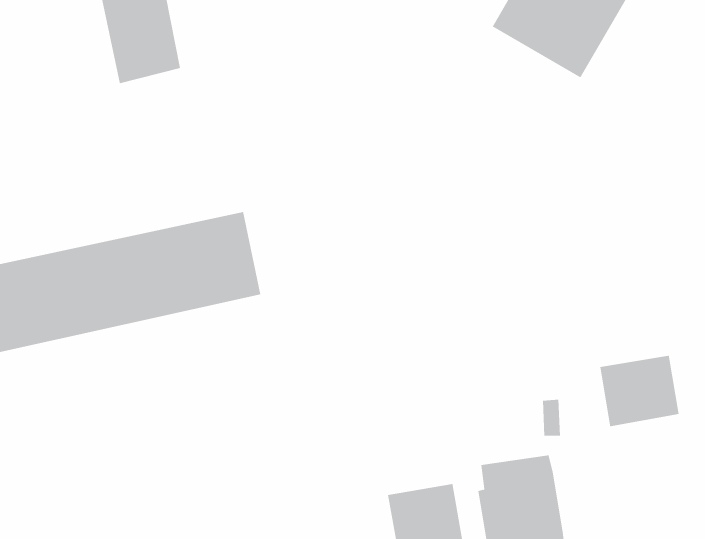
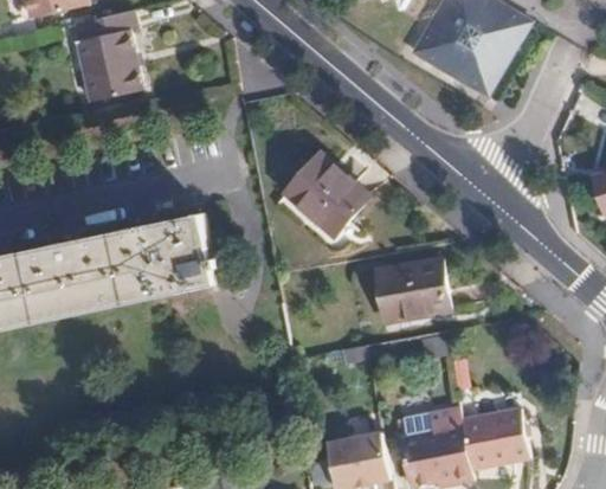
building: none -> [276,157,355,239]
building: none -> [362,263,433,326]
building: [599,355,680,427] -> [465,412,531,471]

